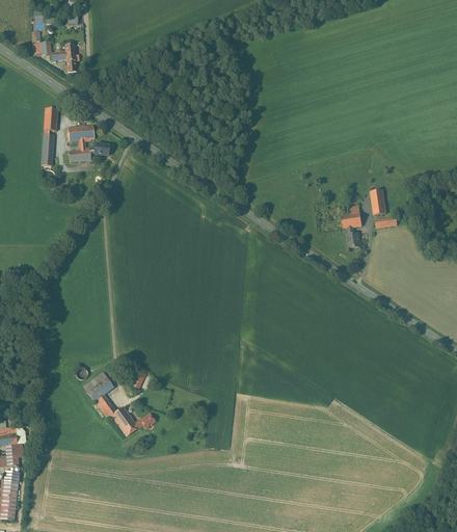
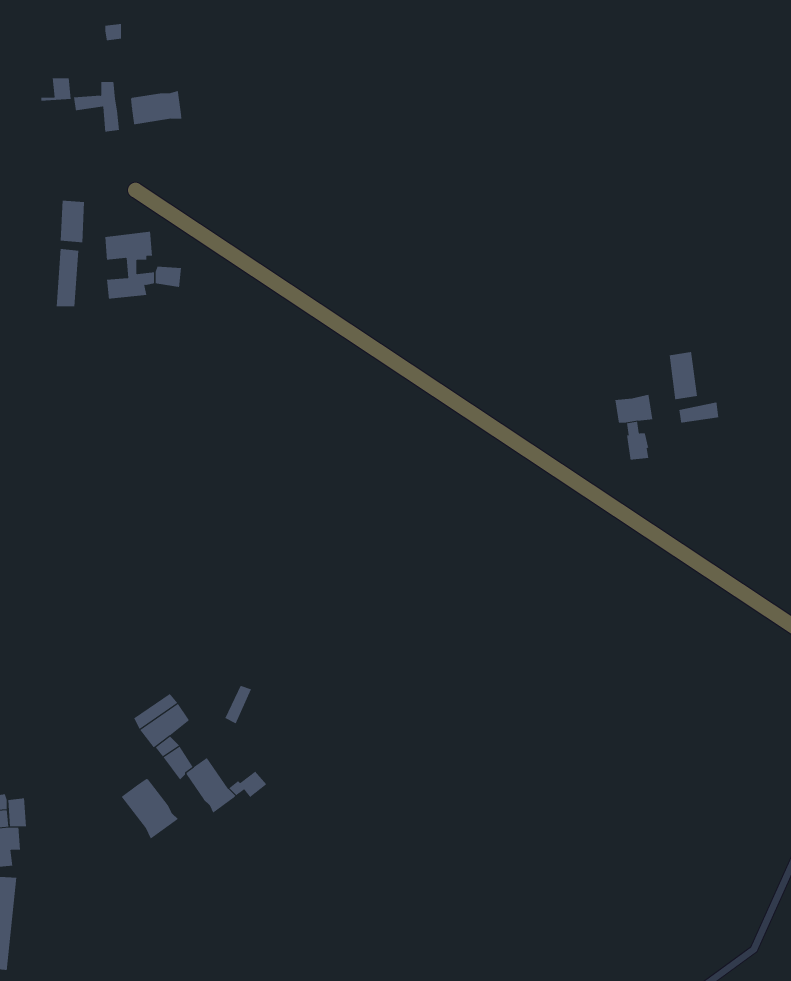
building: none -> [130,90,182,125]
building: none -> [121,778,179,839]

